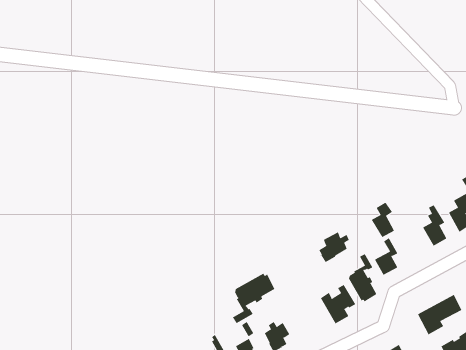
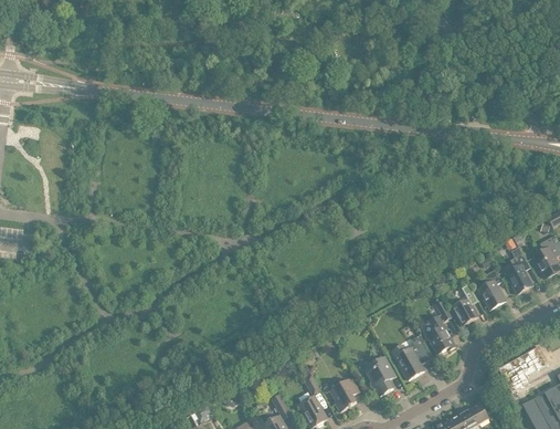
building: [371,202,395,238] -> [478,270,505,310]
building: [319,231,350,263] -> none
building: [232,273,275,324] -> none
building: none -> [367,357,393,396]

